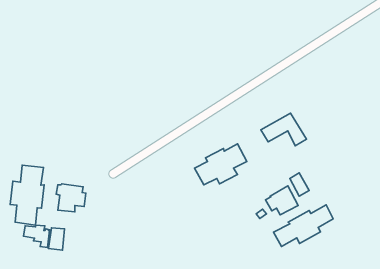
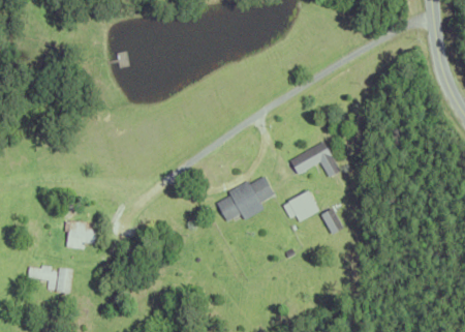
building: [10,165,44,225] -> none
building: [265,186,298,215] -> [282,189,318,221]
building: [274,205,333,247] -> none

